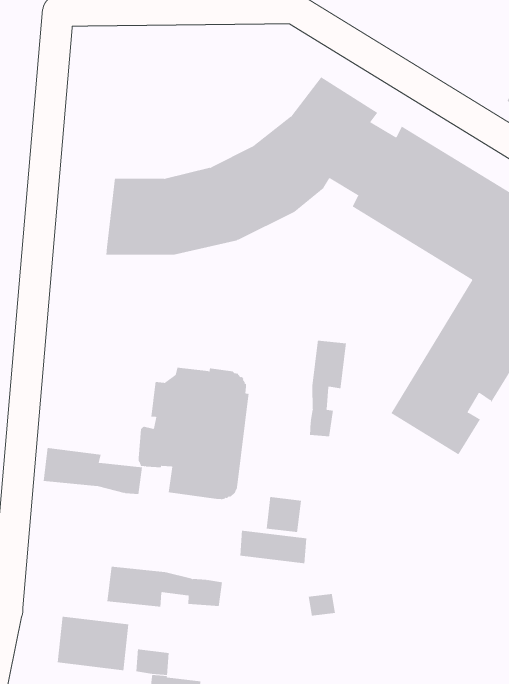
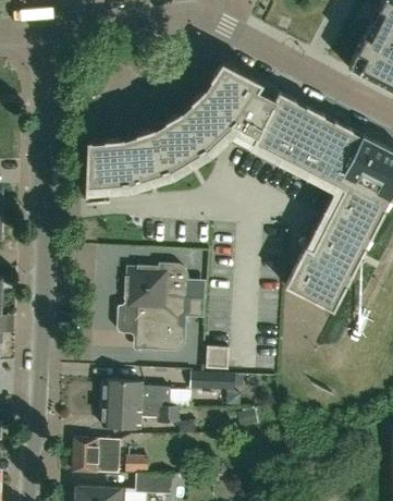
building: [310,340,346,437] -> none
building: [43,447,143,494] -> [103,380,170,407]

